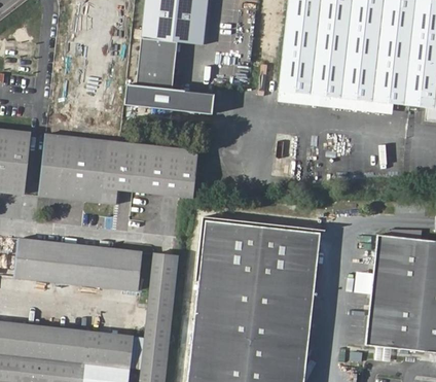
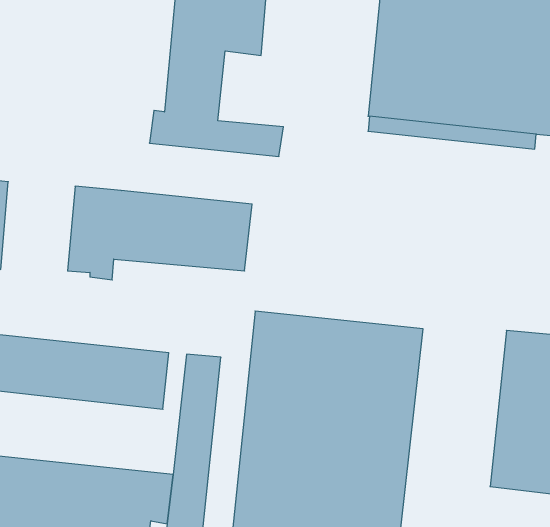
building: [41,133,77,197] -> none

